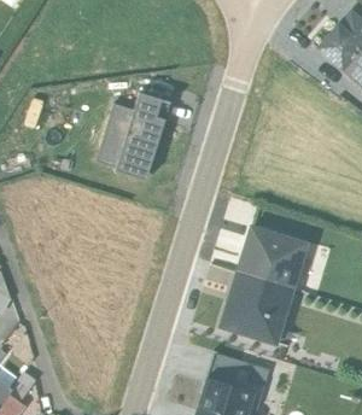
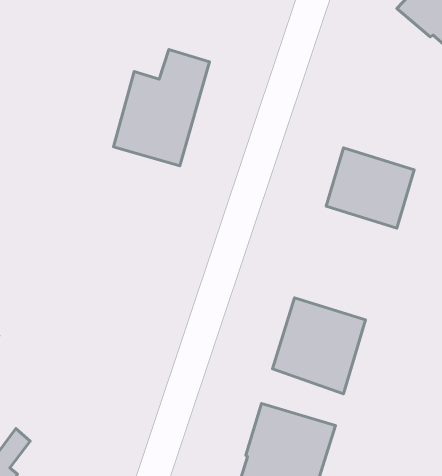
building: [239,226,306,287] -> [326,148,414,228]

